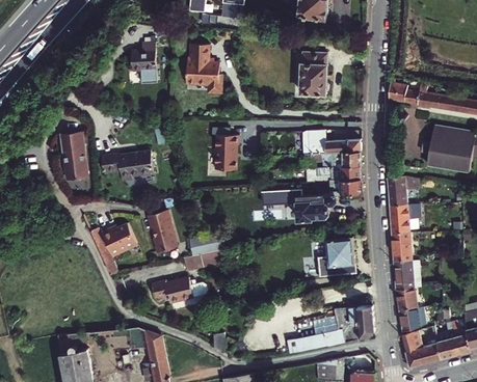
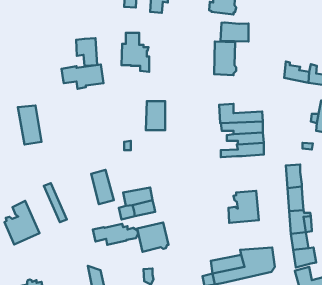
building: none -> [220,23,249,41]
building: [101,151,153,181] -> [61,64,104,89]
building: [386,176,406,206] -> none
building: [276,194,336,220] -> none
building: [103,224,136,255] -> none
building: none -> [4,201,39,244]
building: none -> [137,223,169,252]

